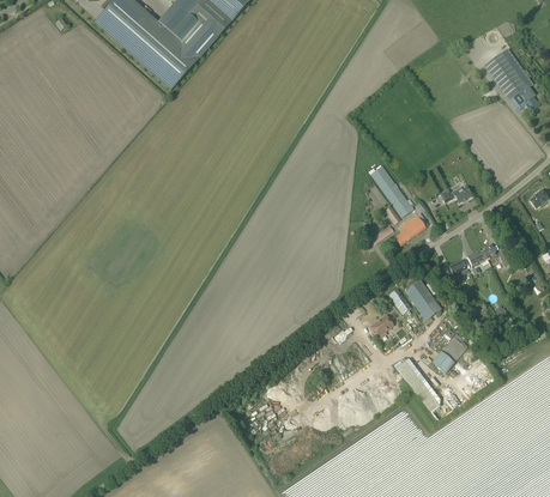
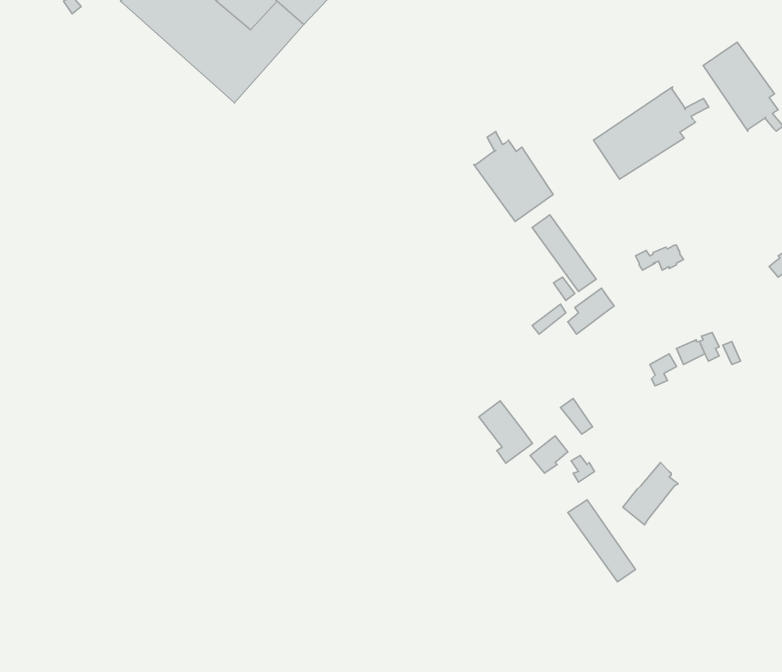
building: none -> [594,87,709,179]
building: none -> [474,132,553,222]
building: [405,280,441,322] -> [479,401,532,463]

